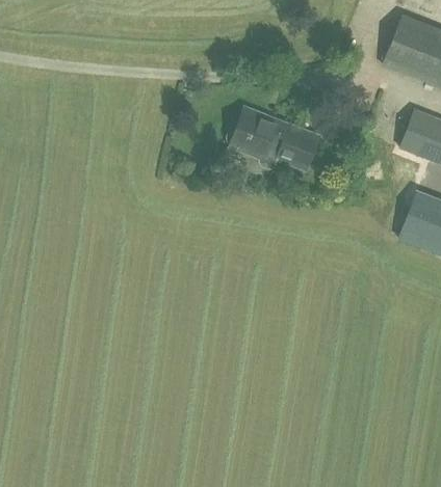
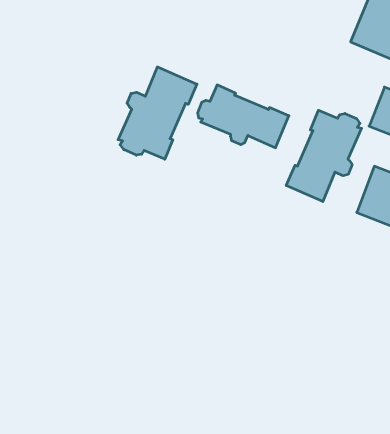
building: none -> [118,67,197,159]
building: none -> [286,110,362,202]

